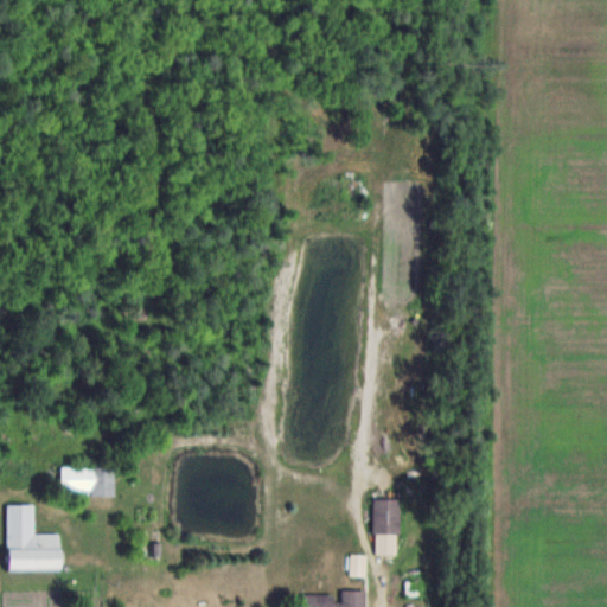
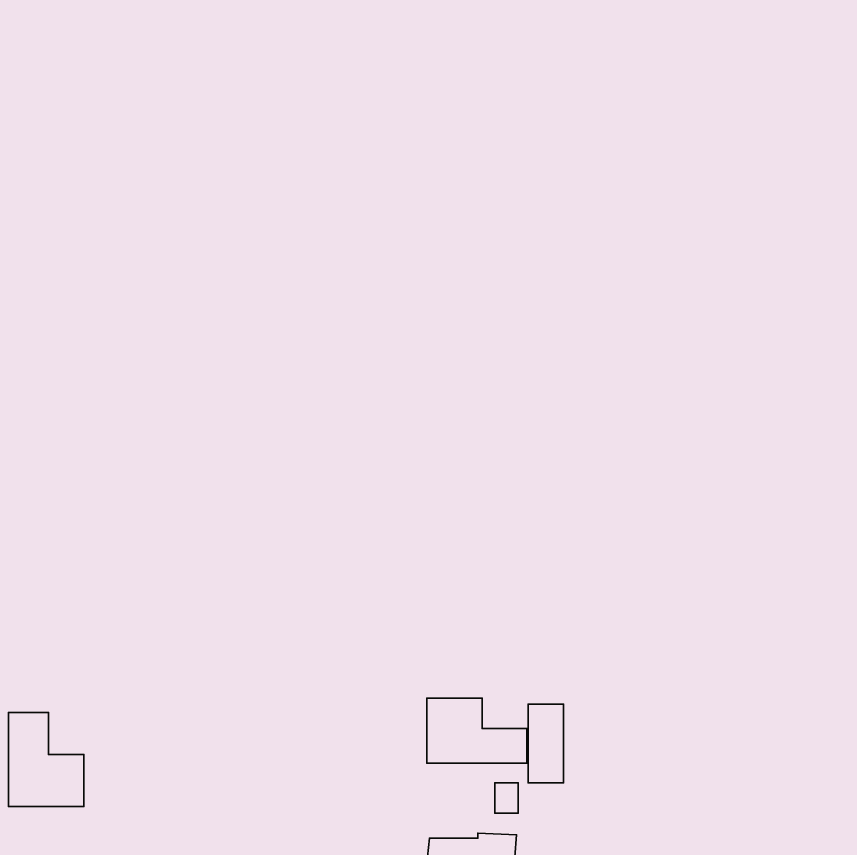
building: [59,467,113,497] -> none
building: none -> [427,698,527,763]

